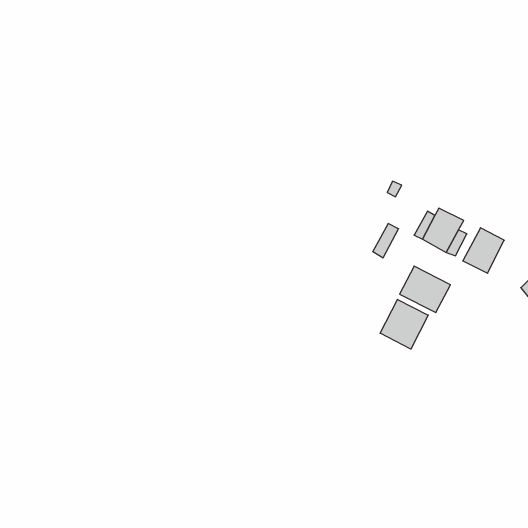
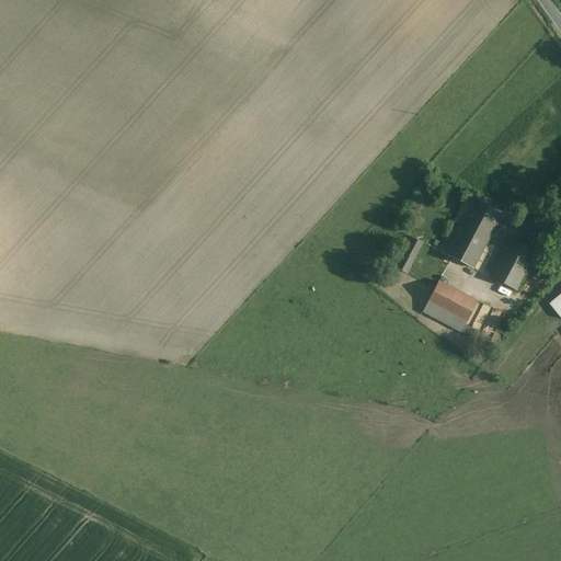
building: none -> [466,198,504,233]
building: [380,299,428,349] -> none

